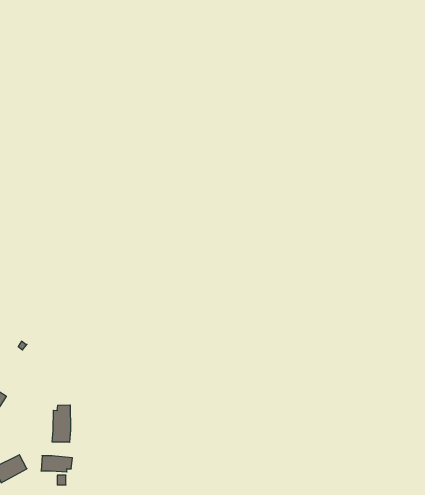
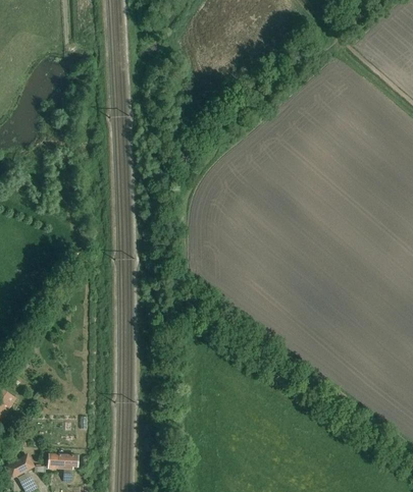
building: [52,405,71,442] -> none

